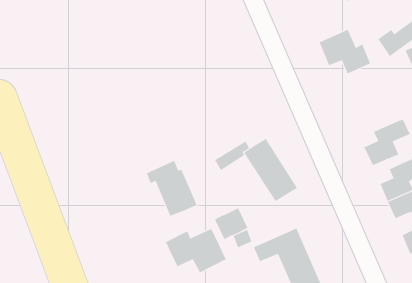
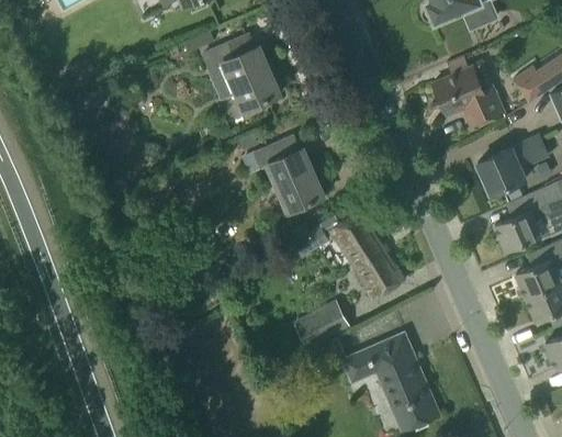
building: none -> [203,35,280,111]
building: none -> [476,136,548,195]
building: [146,160,197,216] -> [255,137,324,213]
building: [165,228,226,273] -> none

